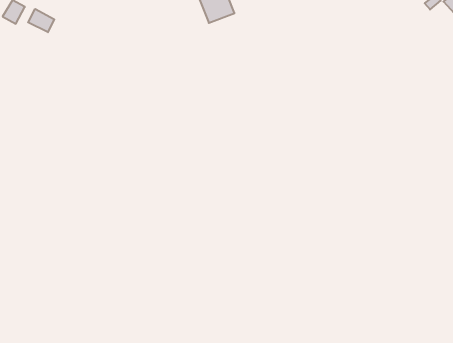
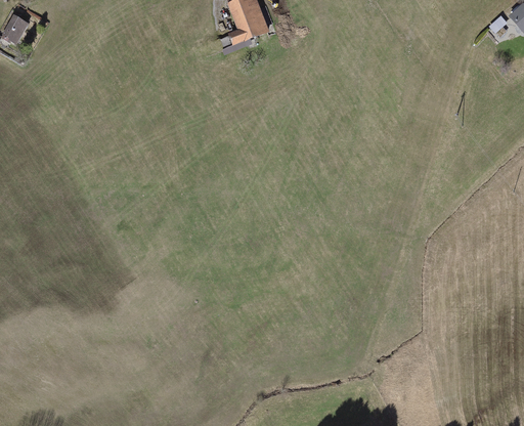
building: [28,9,54,32] -> none

